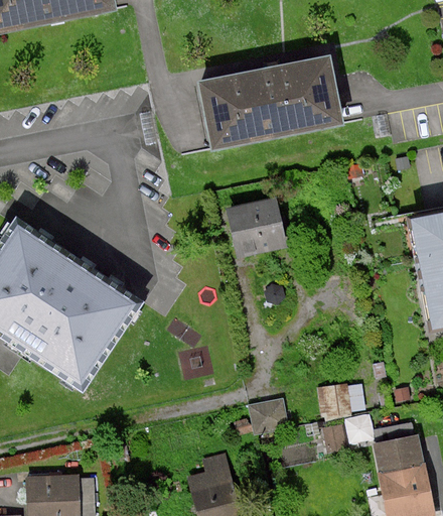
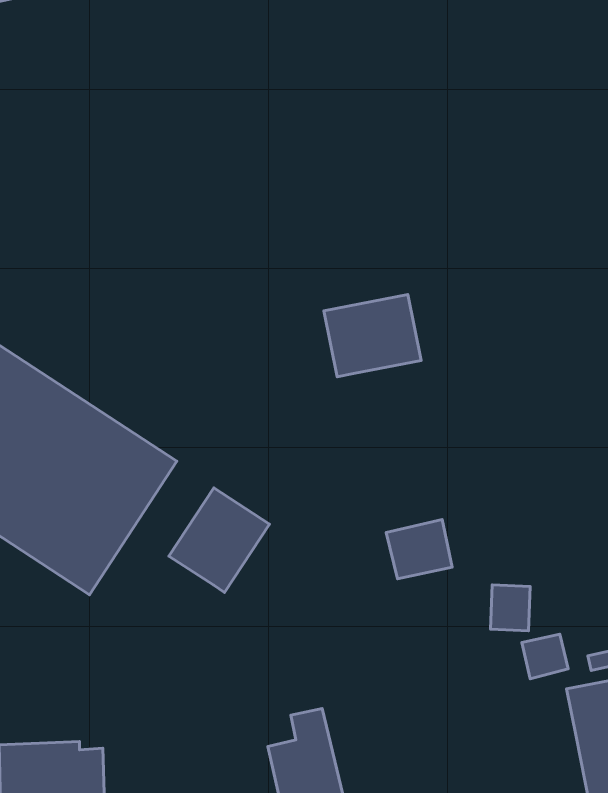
building: [200,58,338,147] -> none
building: none -> [169,488,270,593]
building: [248,392,288,428] -> [386,519,452,579]

